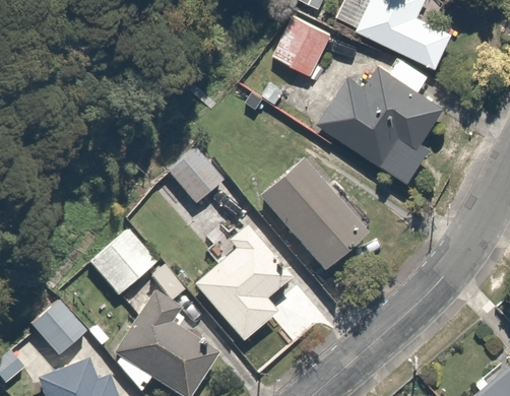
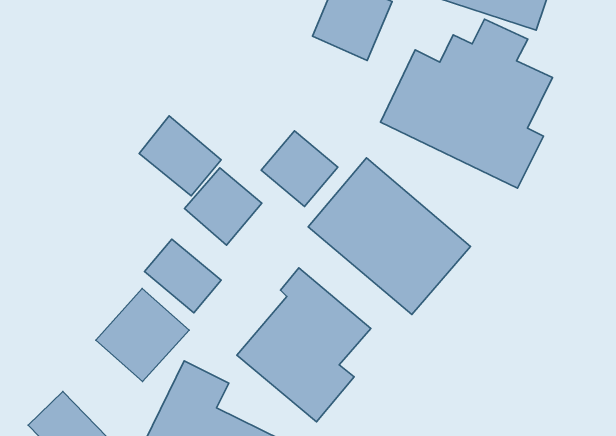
building: none -> [139,116,221,196]
building: none -> [261,131,338,206]
building: none -> [145,239,221,313]

